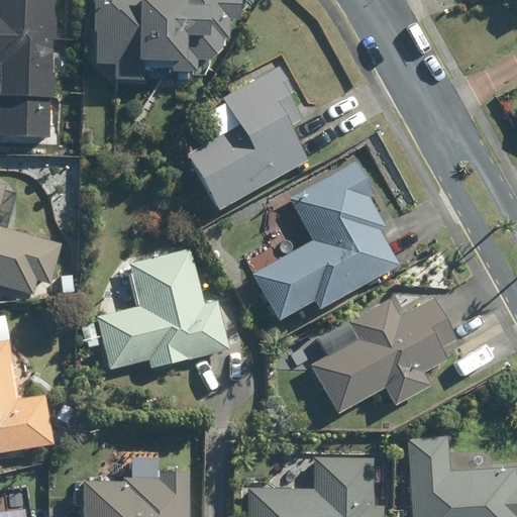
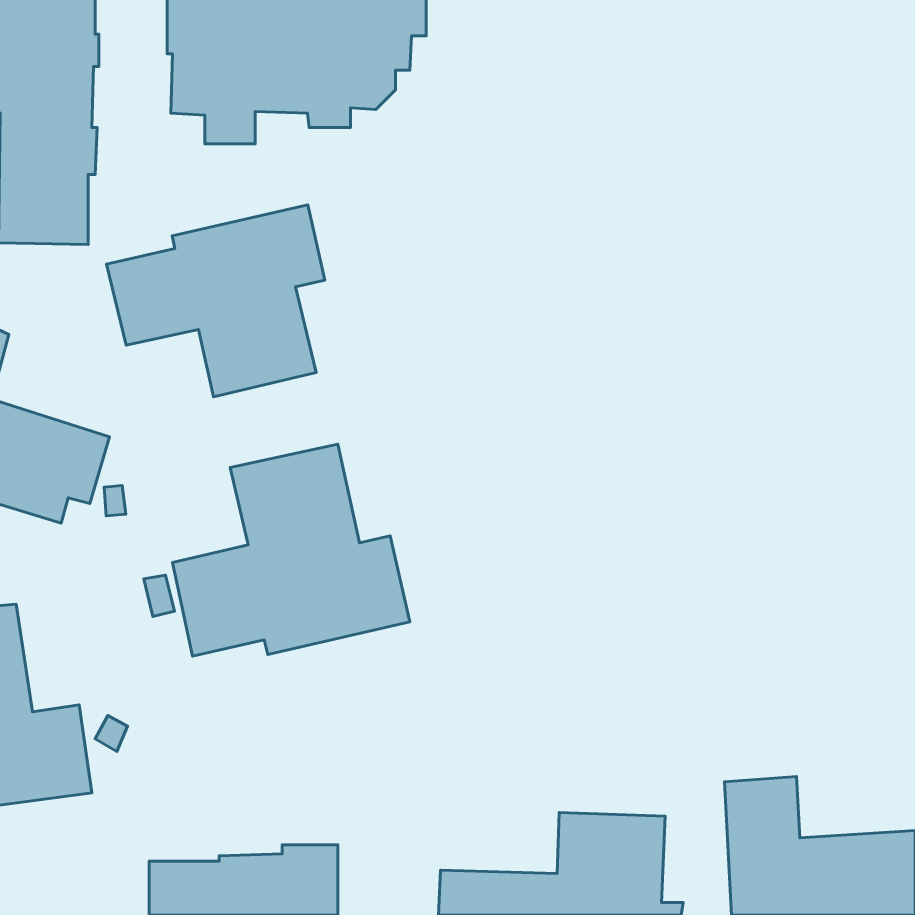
building: [187,68,308,212] -> none
building: none -> [106,205,325,397]
building: [252,162,400,322] -> none
building: [310,297,457,415] -> none

